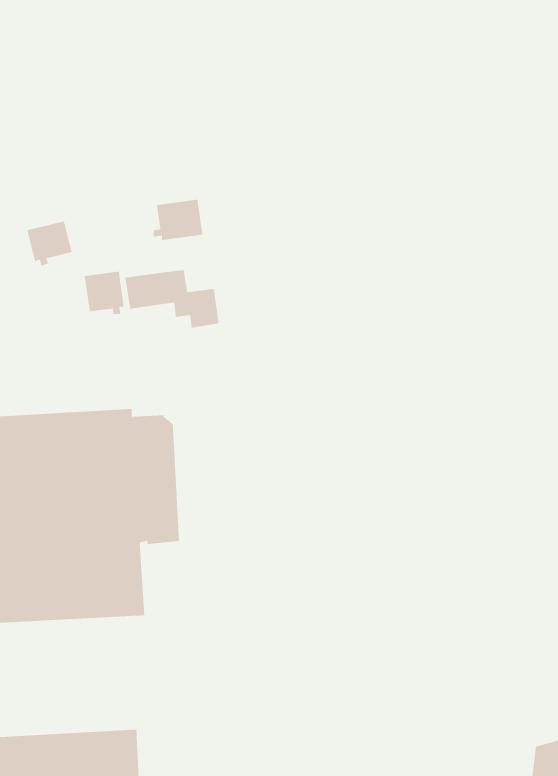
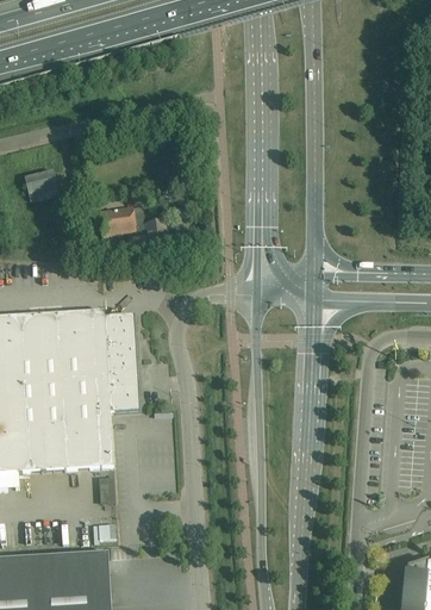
building: [153,199,203,241] -> none
building: [84,271,124,315] -> none

